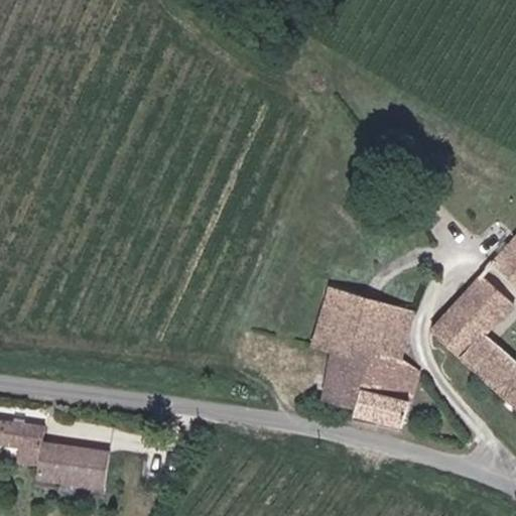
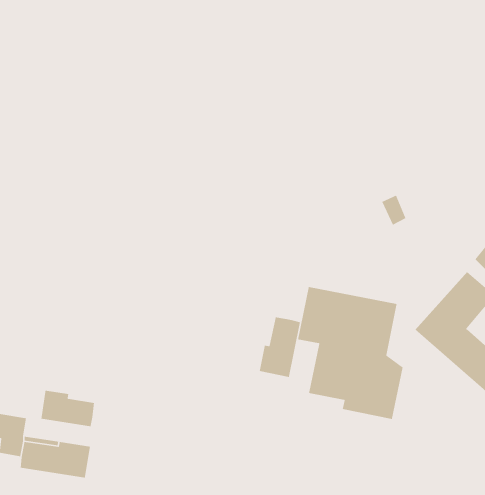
building: none -> [259,316,301,378]
building: none -> [40,390,95,427]

